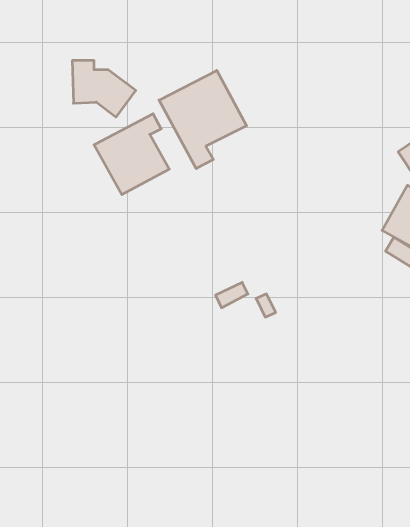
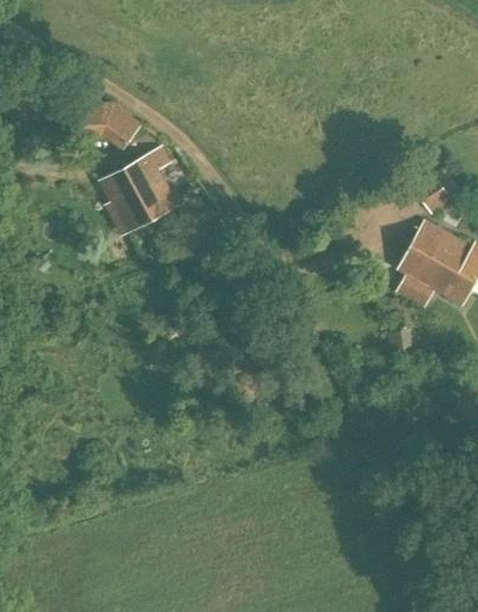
building: [159,70,247,169] -> none

